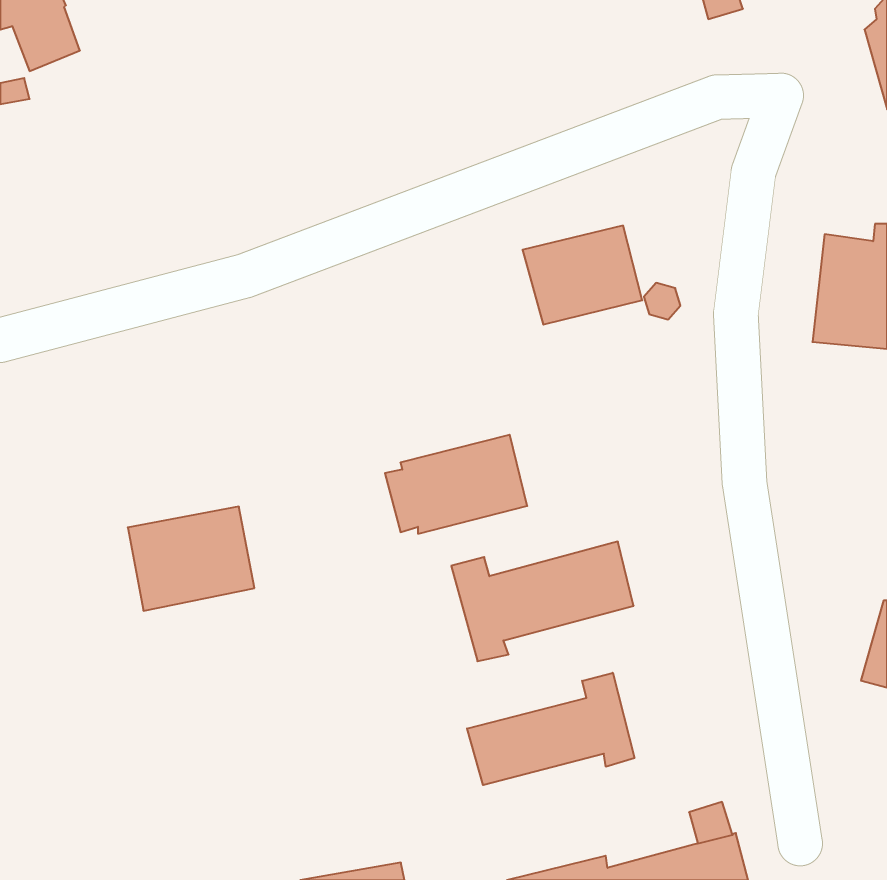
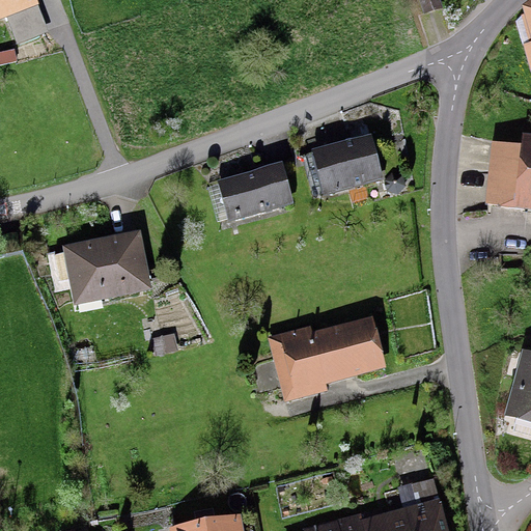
building: [385,435,527,534] -> [208,162,294,221]
building: [128,507,254,611] -> [69,235,145,298]
building: [467,673,634,785] -> none

